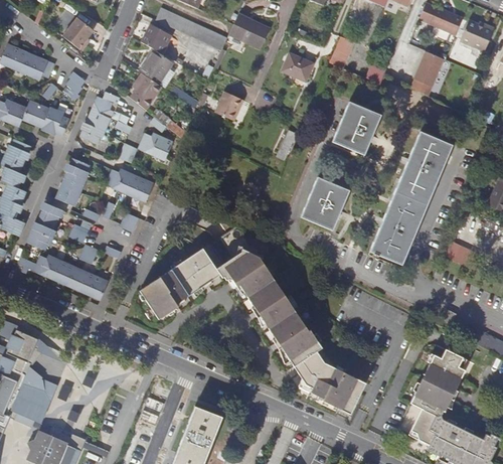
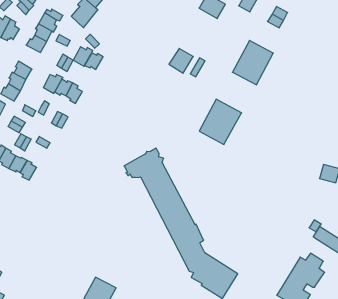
building: [414,51,445,88] -> none
building: [216,92,244,121] -> [169,48,193,73]
building: [368,132,449,265] -> none
building: [138,249,218,318] -> none

